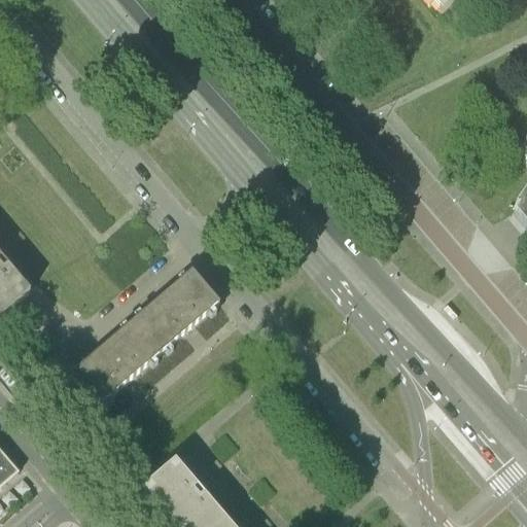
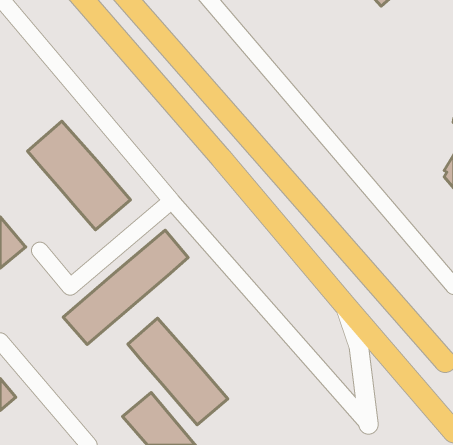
building: none -> [28,121,131,230]
building: none -> [128,318,228,425]

